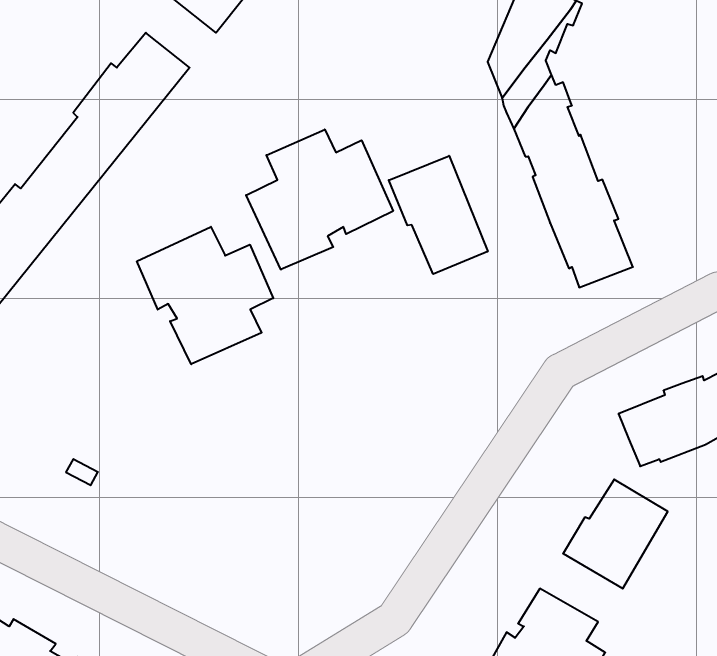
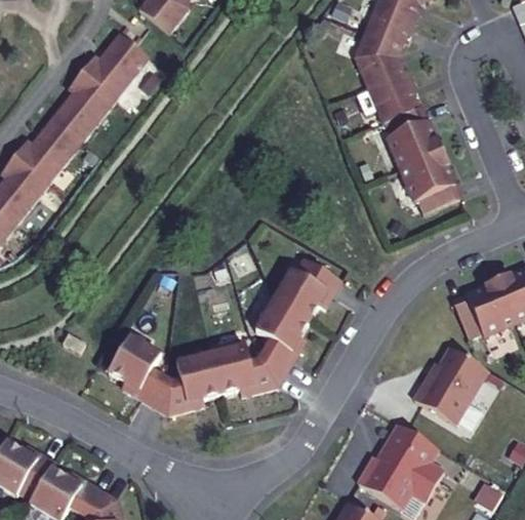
building: [246,129,393,270] -> none
building: [389,156,488,274] -> none
building: [137,227,273,364] -> none
building: none -> [107,258,340,414]

